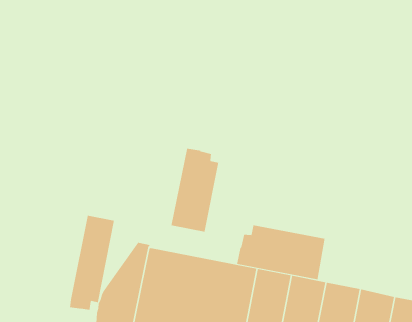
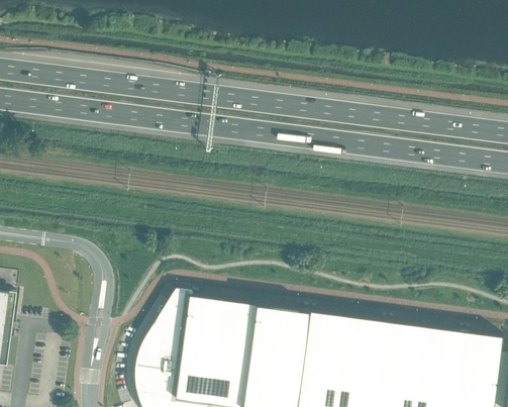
building: [171,148,219,233] -> none
building: [69,215,115,311] -> none
building: [237,225,325,280] -> none

